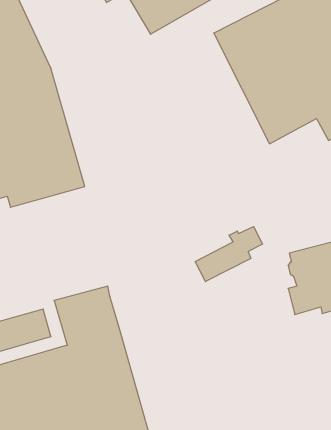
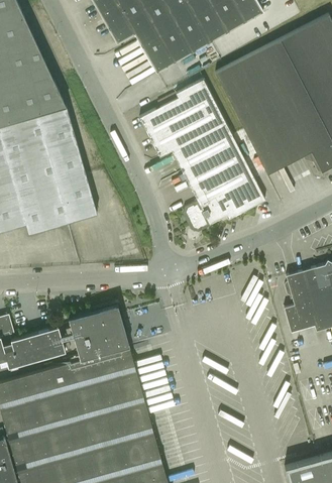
building: none -> [138,79,264,232]
building: [195,227,263,282] -> none

